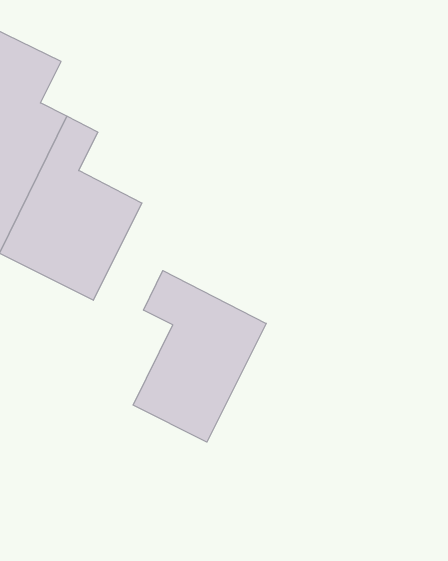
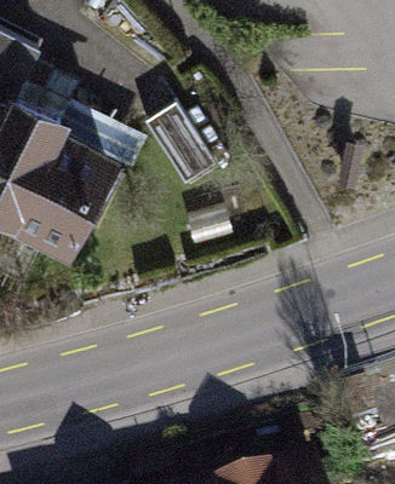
building: [133,271,266,442] -> none

